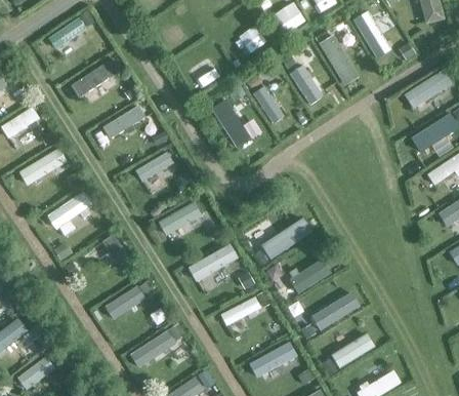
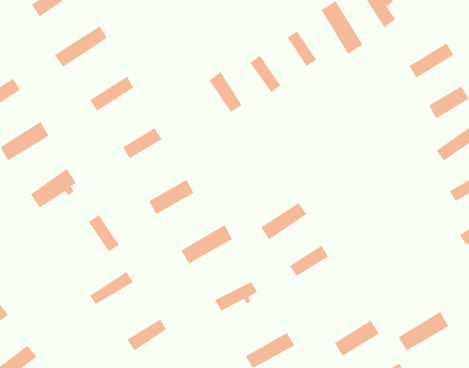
building: [310,292,359,330] -> [398,311,449,352]

